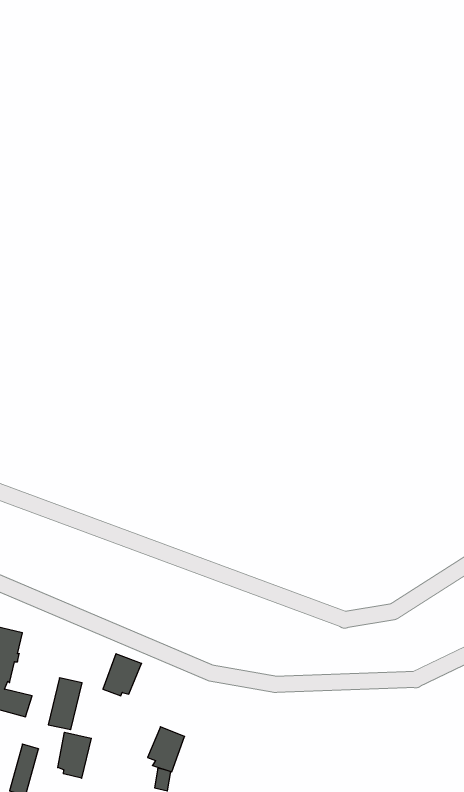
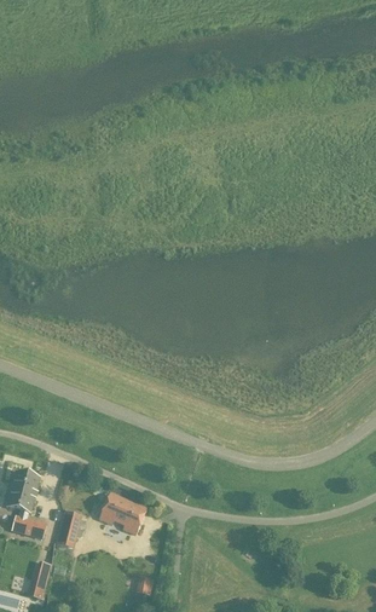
building: [148,727,185,772] -> [118,500,146,533]
building: [58,732,91,778] -> none

